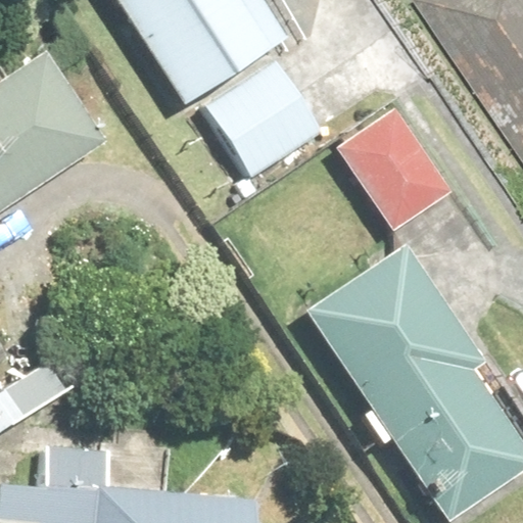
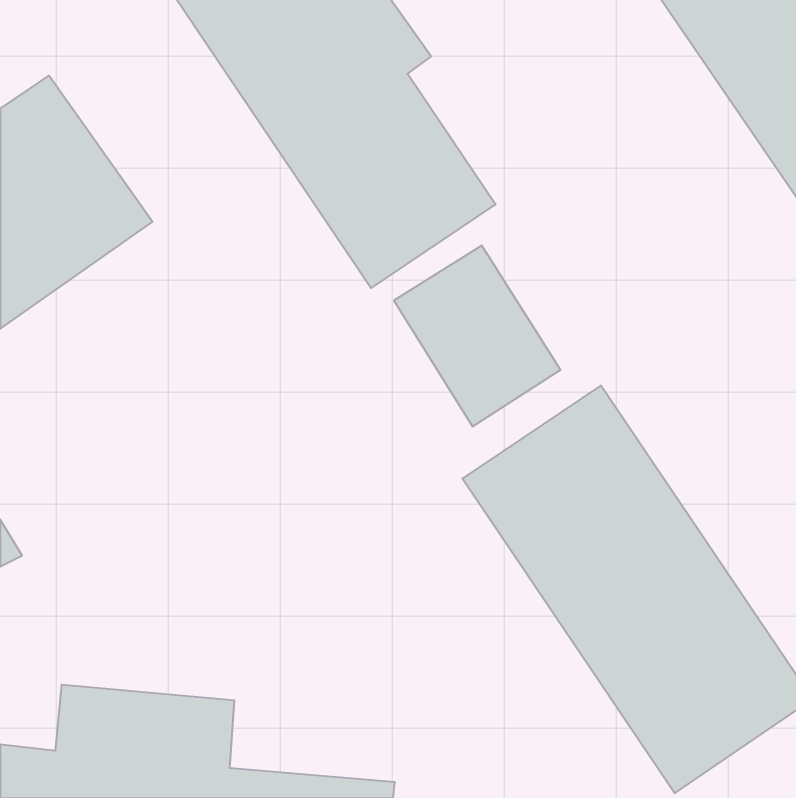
building: [343,113,451,231] -> [394,246,561,427]

